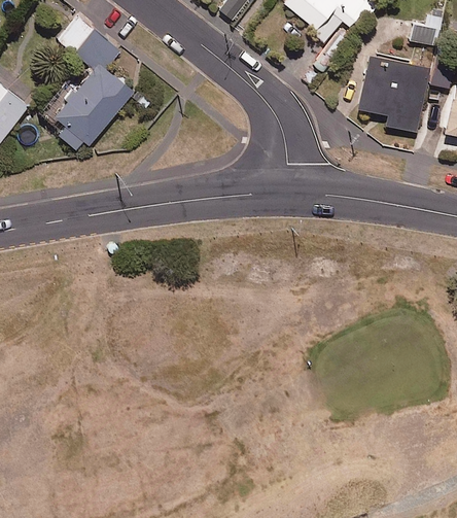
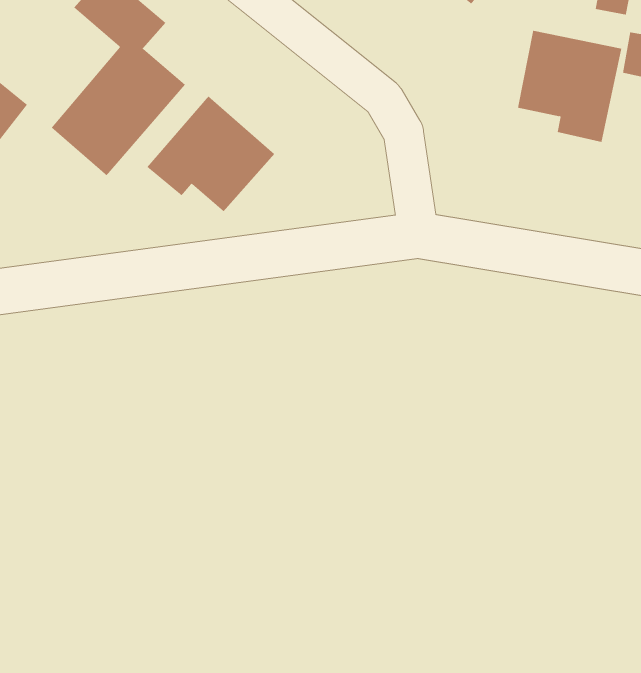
building: none -> [146,95,275,212]

